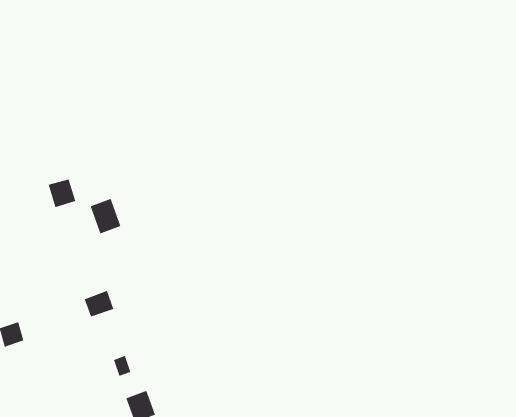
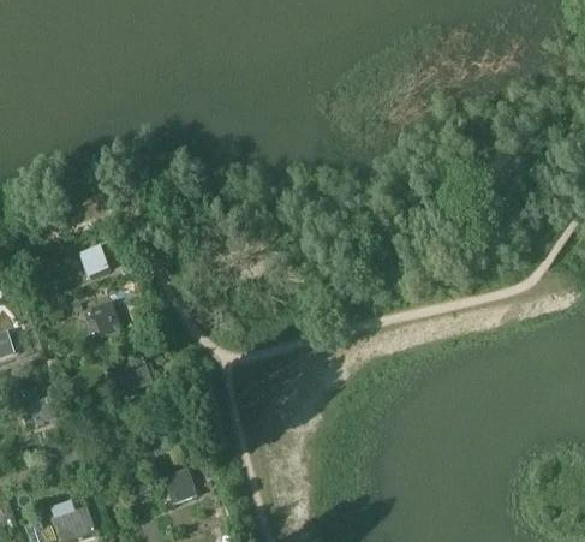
building: [90,198,121,234] -> [88,300,121,339]

